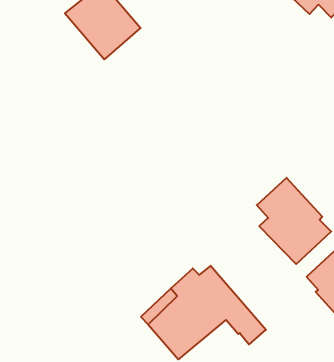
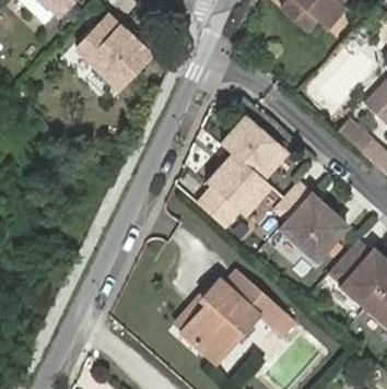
building: none -> [197,118,284,227]

